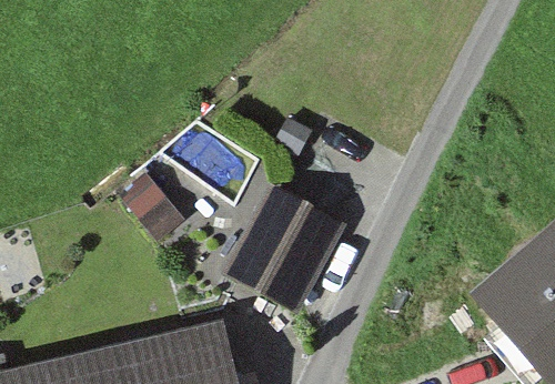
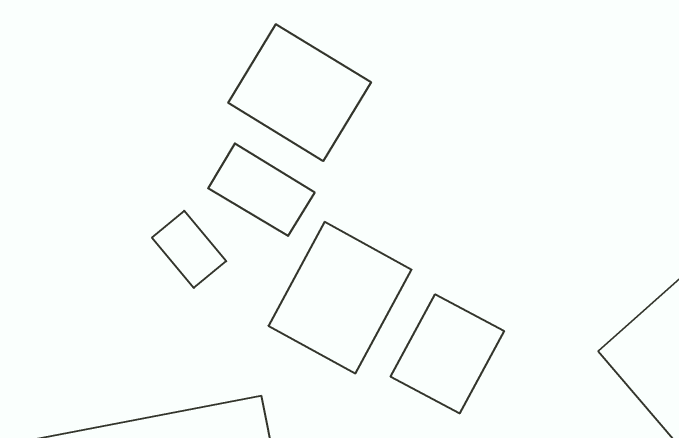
building: none -> [228,24,371,161]
building: none -> [391,294,504,413]

